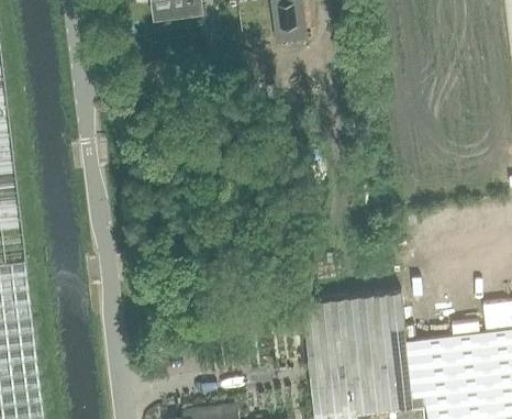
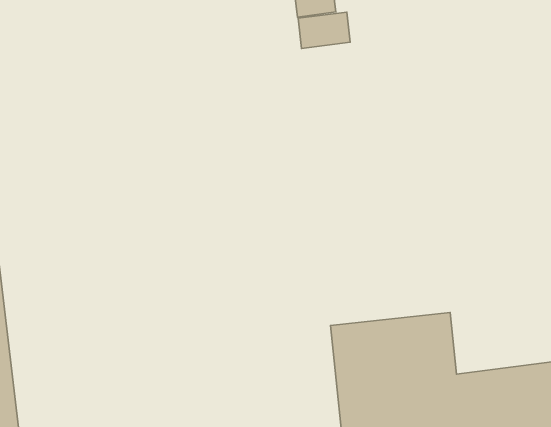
building: none -> [298,12,350,48]

